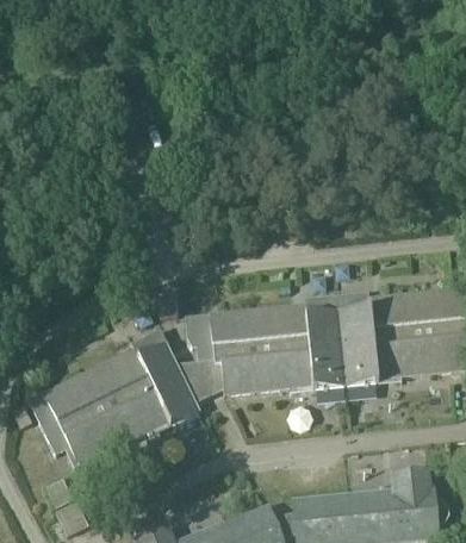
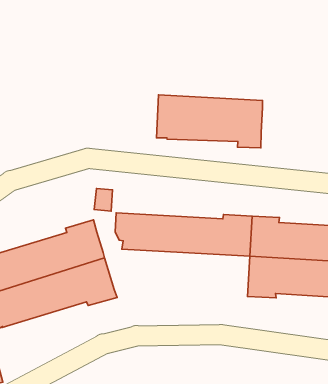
building: none -> [157,95,263,148]
building: [178,341,347,402] -> none

